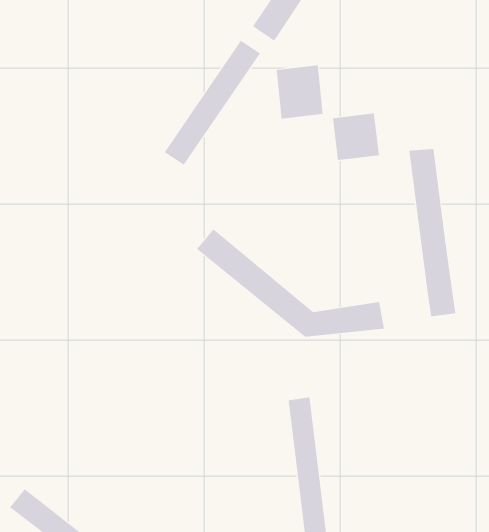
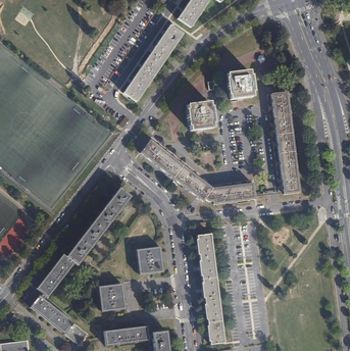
building: [276,65,323,119] -> [186,100,214,133]
building: none -> [38,187,133,296]
building: none -> [143,243,162,266]
building: none -> [105,284,126,307]

